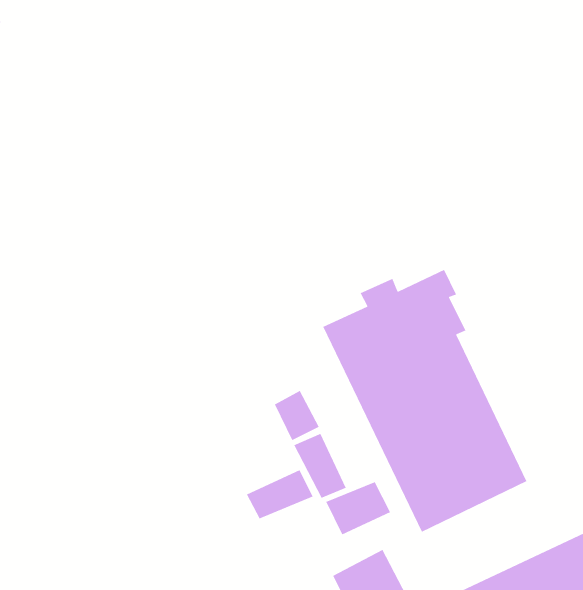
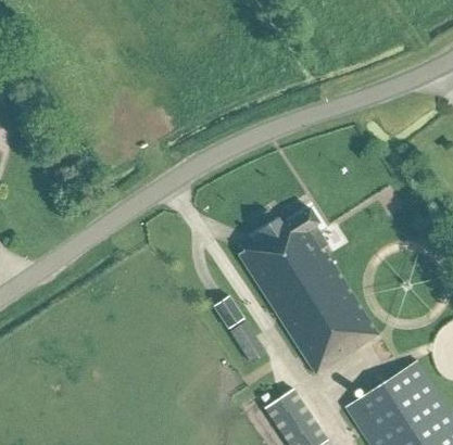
building: [246,469,314,520] -> none
building: [325,481,391,535] -> none

